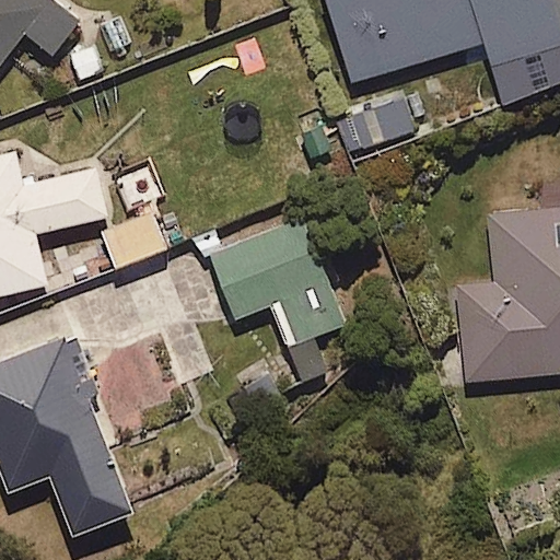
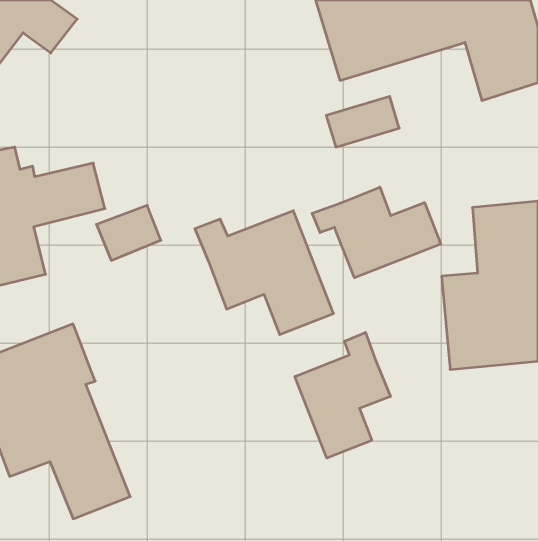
building: none -> [312,187,441,278]
building: none -> [295,332,390,458]

